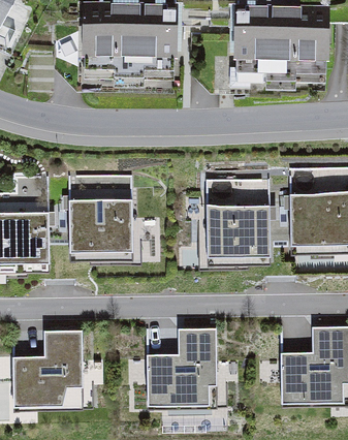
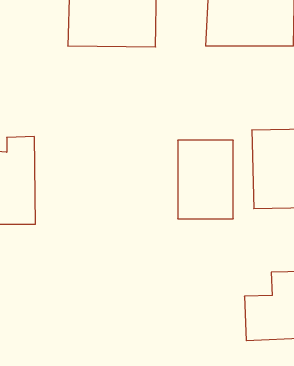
building: [67,175,130,260] -> none
building: [145,327,215,405] -> none
building: [11,331,81,405] -> none

